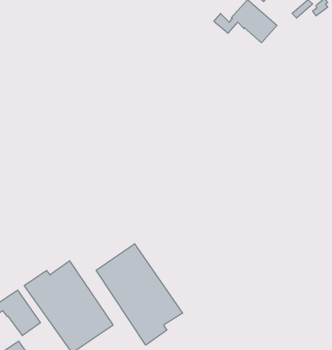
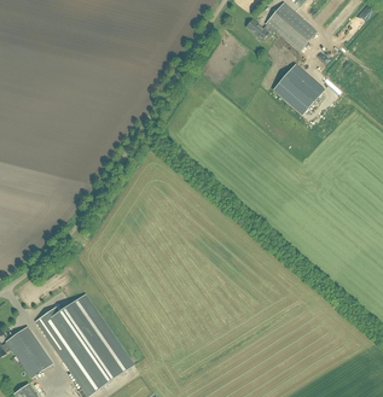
building: none -> [275,66,321,111]
building: [96,244,183,345] -> none

